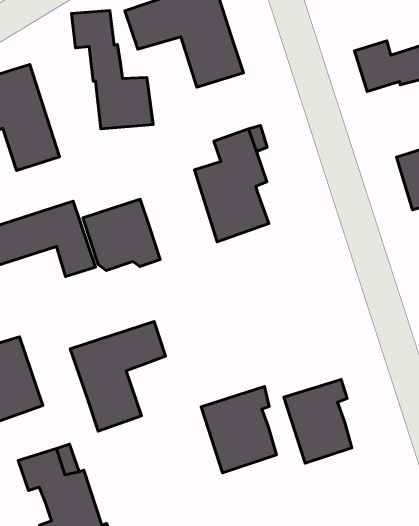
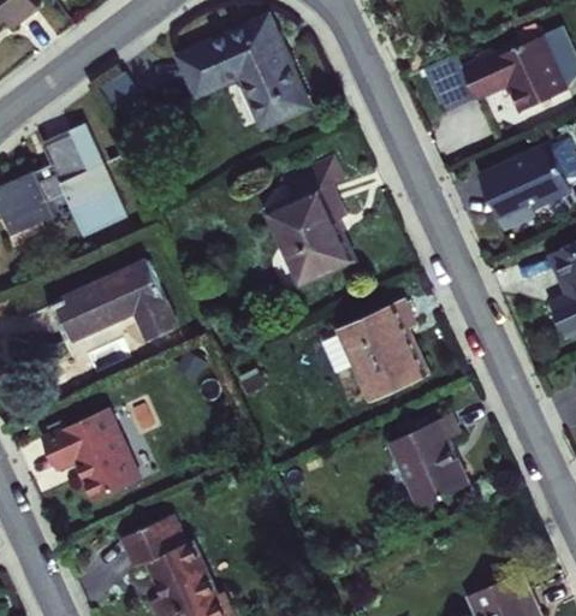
building: [71,11,153,129] -> none
building: [83,199,160,270] -> none
building: [70,321,166,431] -> none
building: [201,386,276,473] -> [342,301,426,396]

